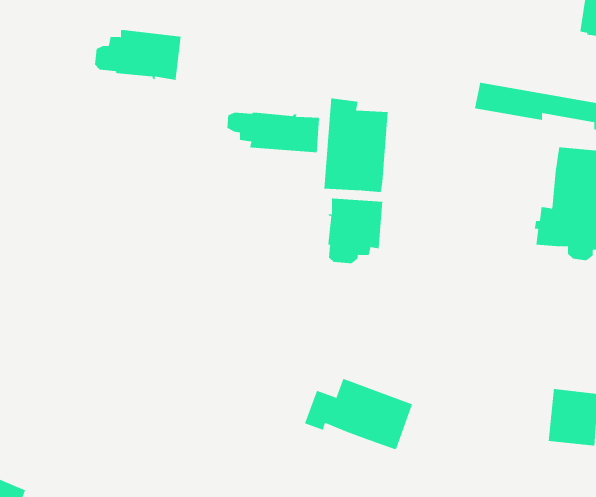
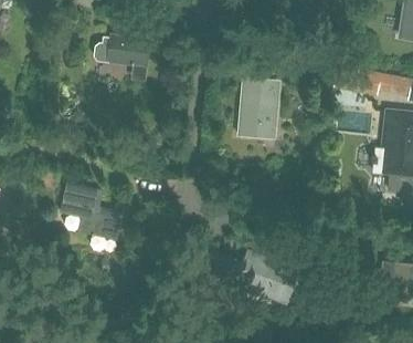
building: [227,112,320,153] -> none
building: [327,197,383,264] -> none
building: none -> [62,184,124,241]

